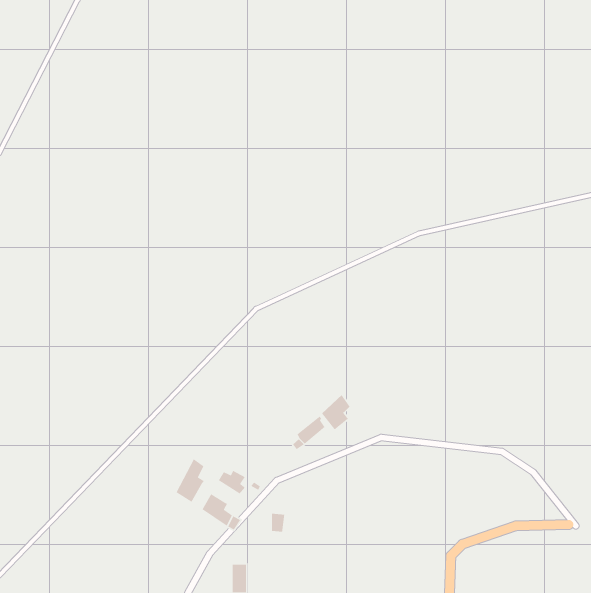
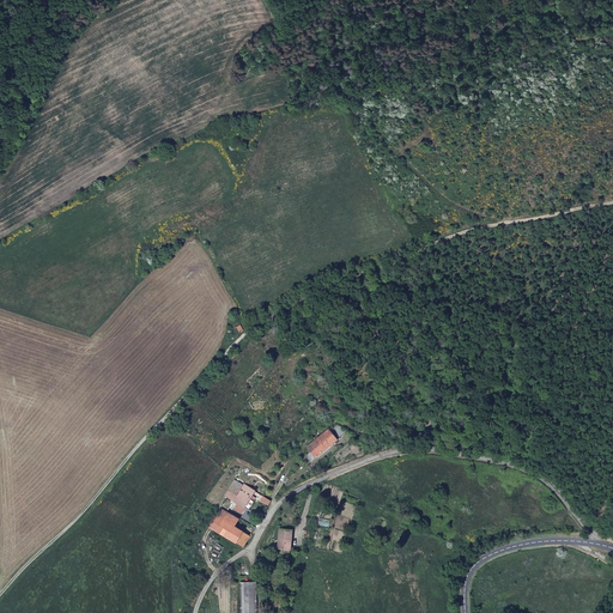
building: [321,394,351,431] -> none
building: [175,458,205,503] -> none

